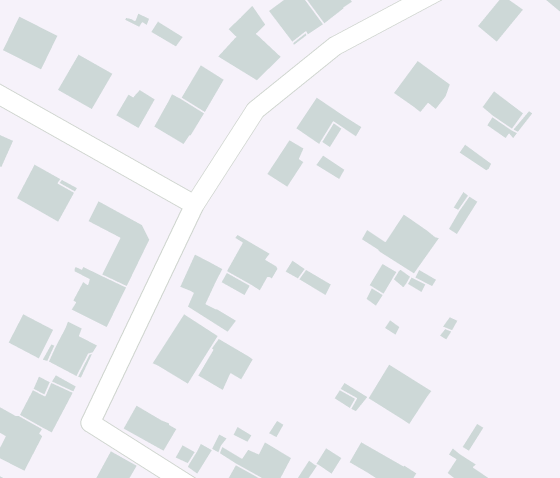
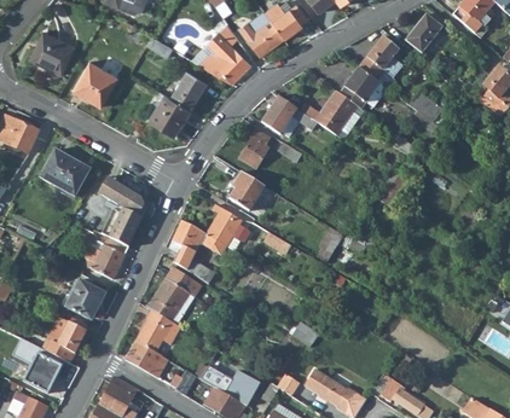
building: none -> [358,37,401,80]
building: [115,89,156,129] -> none
building: none -> [228,170,265,210]
building: [361,214,440,275] -> [301,91,364,139]
building: [8,313,54,360] -> none
building: [197,338,254,391] -> [135,309,180,352]
building: [368,364,433,425] -> none

